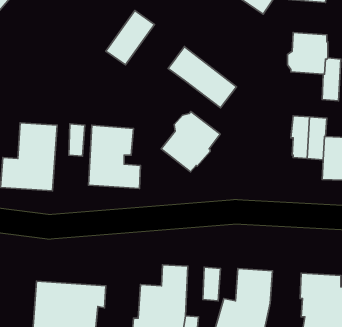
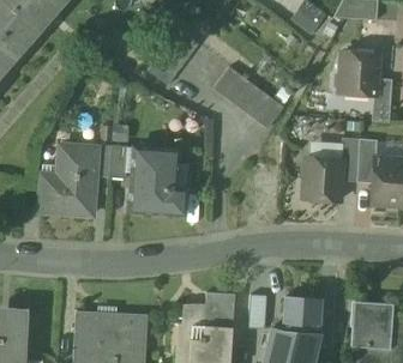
building: [161,111,220,172] -> none
building: none -> [302,158,343,201]

